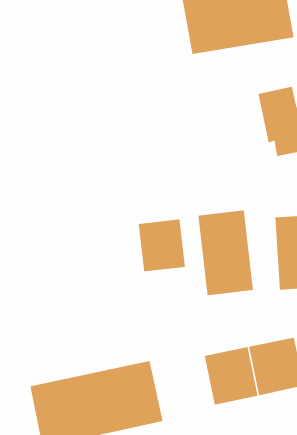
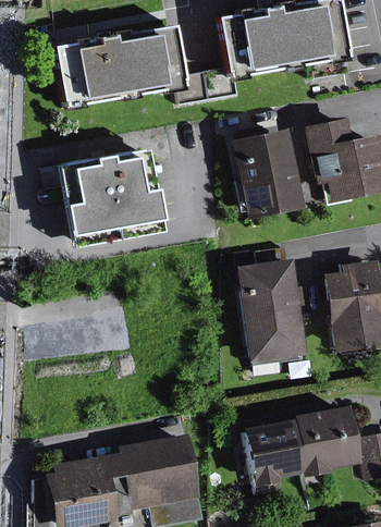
building: none -> [58,26,184,105]
building: none -> [233,125,304,221]
building: none -> [62,151,165,242]
building: [138,219,186,272] -> none

